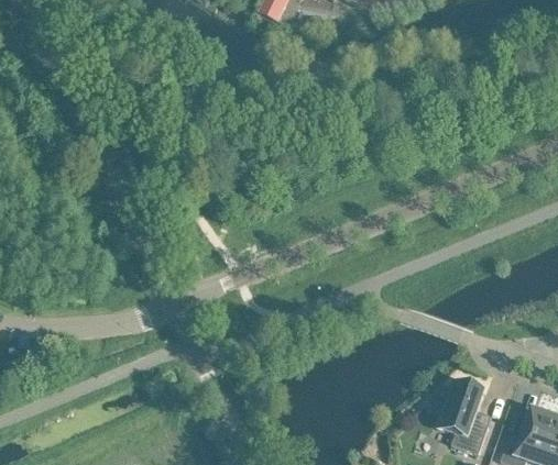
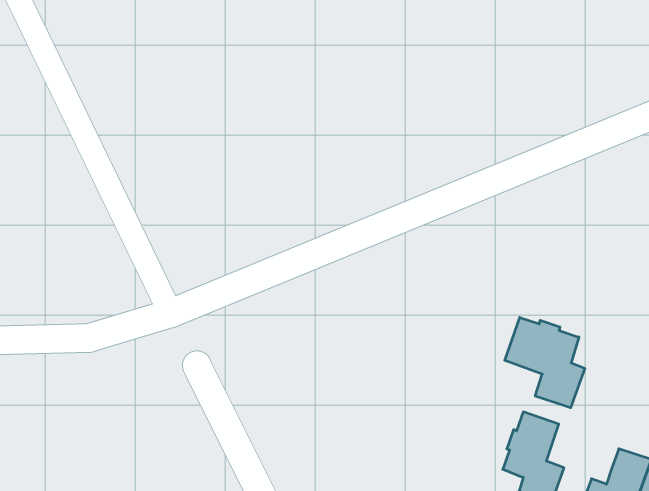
building: none -> [505,317,585,408]

